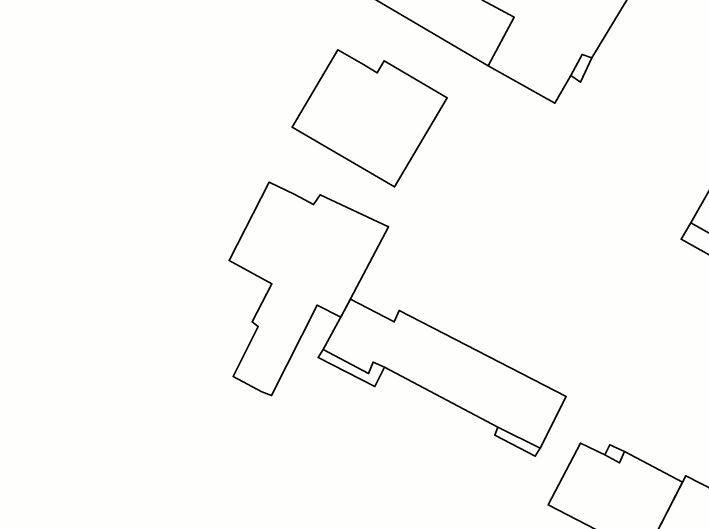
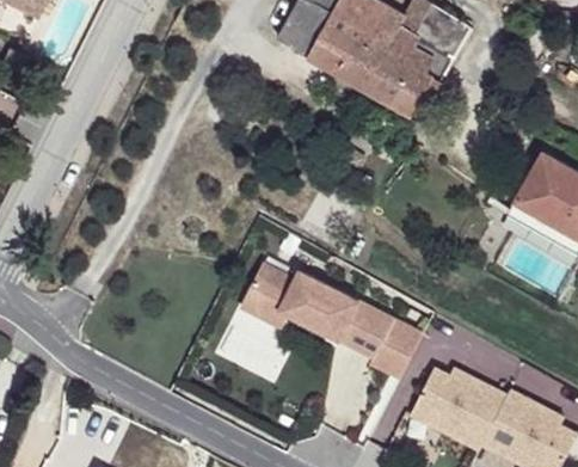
building: [292,50,447,187] -> none
building: [229,182,388,396] -> none

